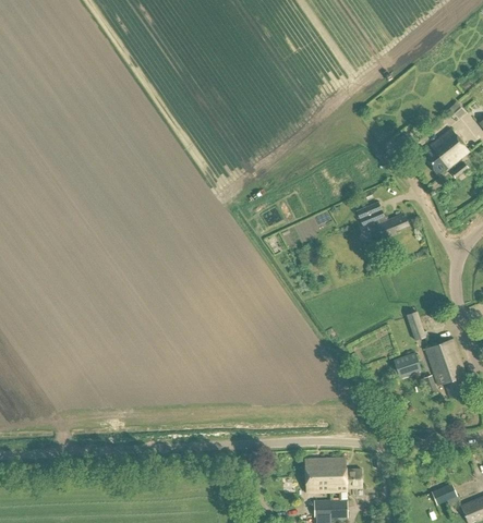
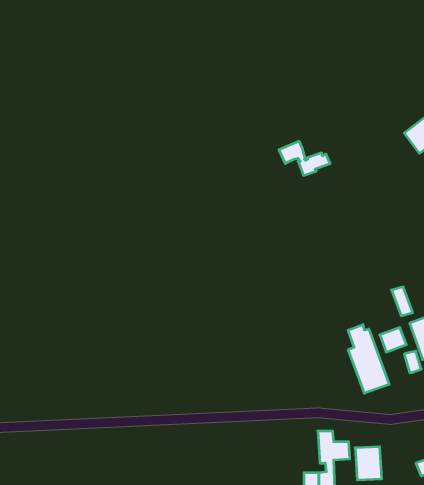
building: [357,204,409,239] -> [279,141,330,175]
building: none -> [348,324,389,393]
building: [305,459,333,492] -> [355,447,382,480]

